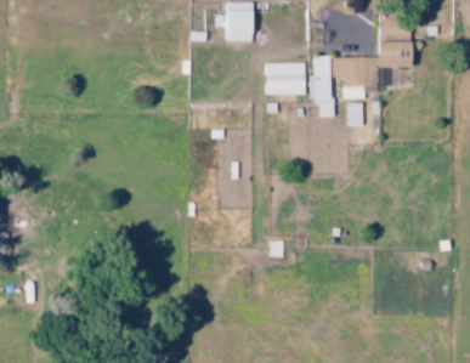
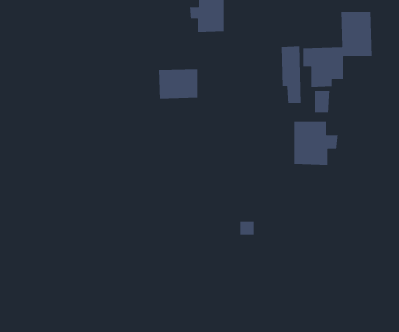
building: [265,62,307,95] -> [158,68,198,99]
building: none -> [294,121,338,166]

